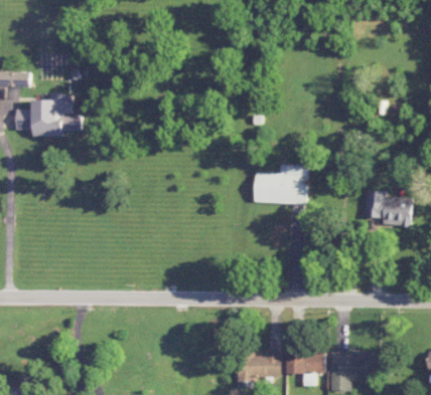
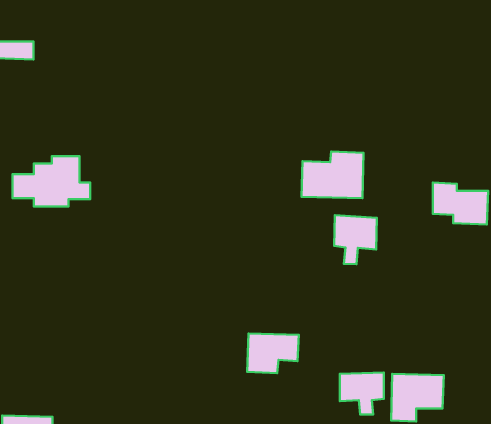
building: [15,94,81,137] -> [12,156,90,206]
building: none -> [334,215,377,264]
building: [239,355,282,388] -> [247,334,299,373]

